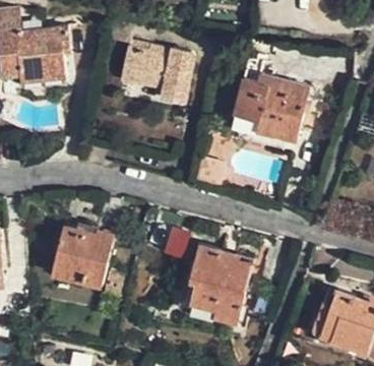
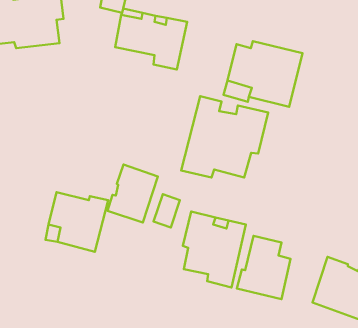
building: none -> [181,96,268,178]
building: none -> [107,164,158,223]
building: none -> [237,236,291,299]

